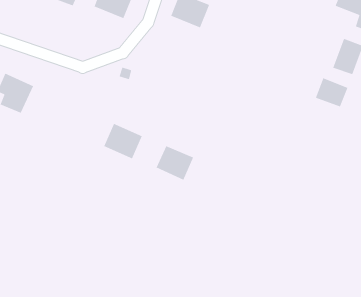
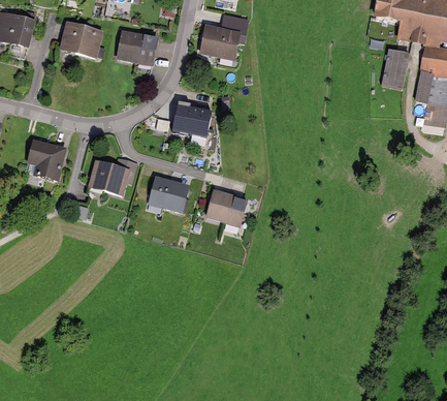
building: none -> [171,104,212,142]
building: [315,77,349,108] -> none
building: none -> [89,157,135,195]

